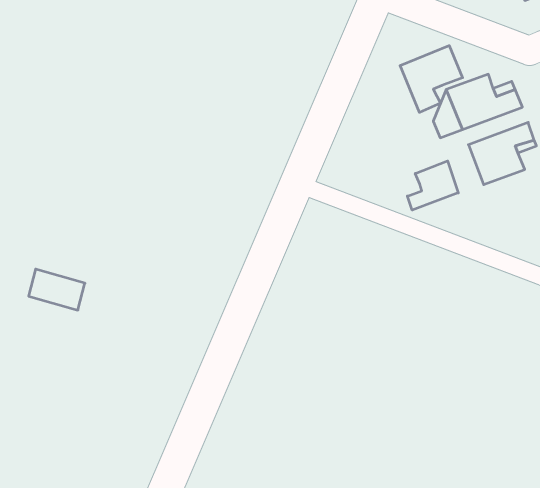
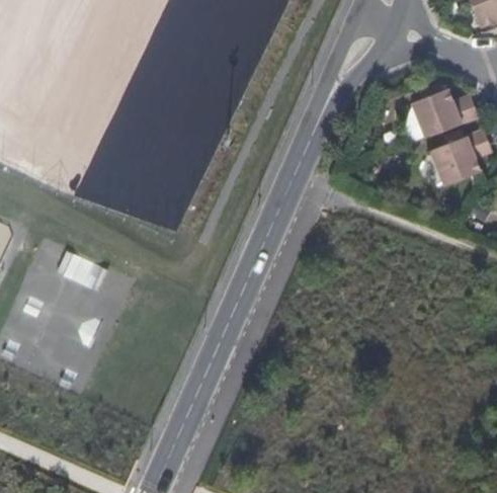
building: [400,46,463,112] -> none
building: [407,161,458,210] -> none

